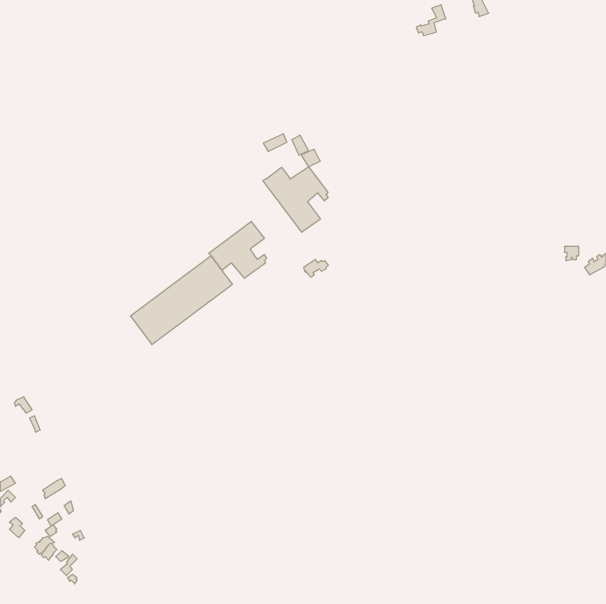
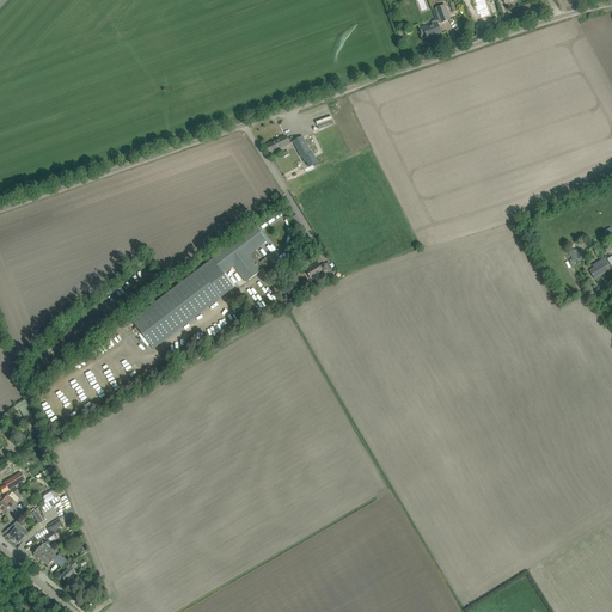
building: [263,167,328,232] -> none

